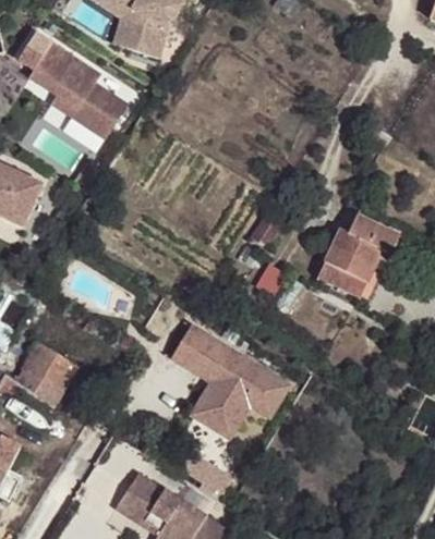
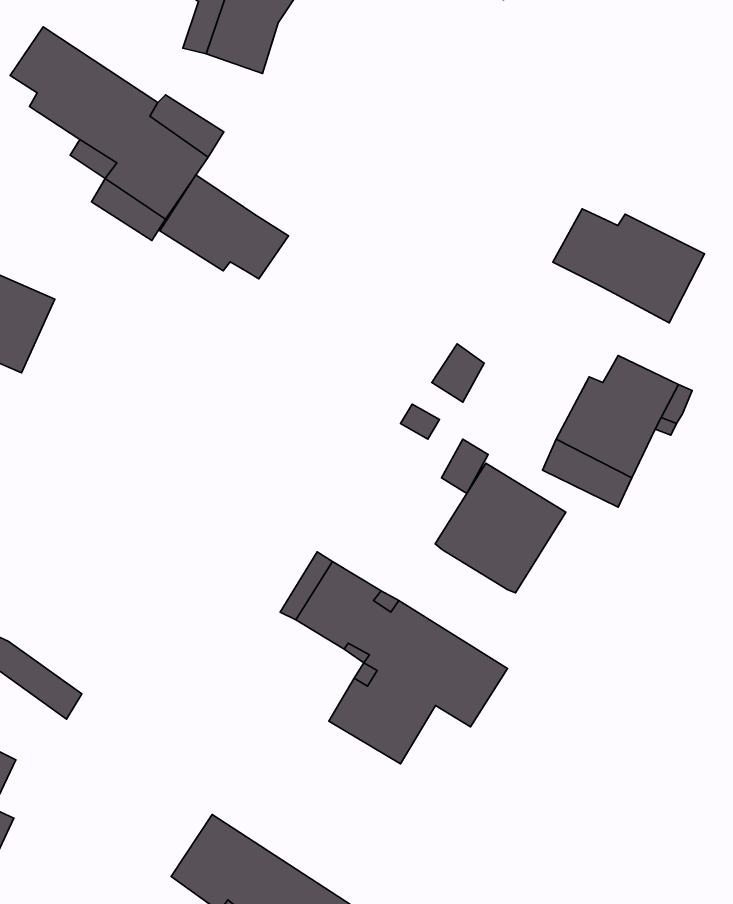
building: none -> [160,175,289,279]
building: none -> [553,209,705,323]
building: none -> [435,463,566,593]
building: [14,336,81,404] -> none

